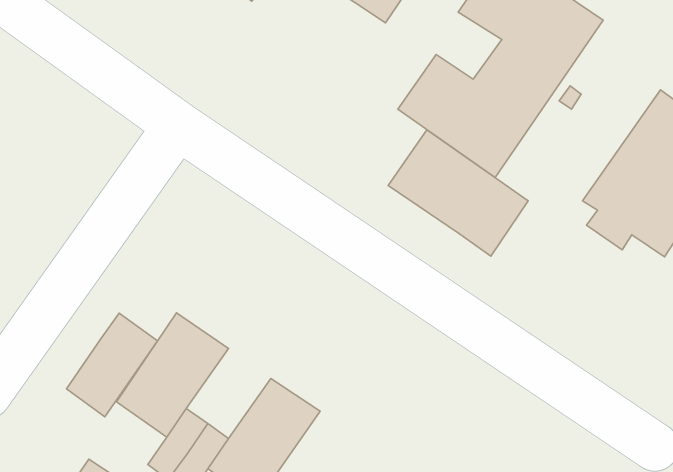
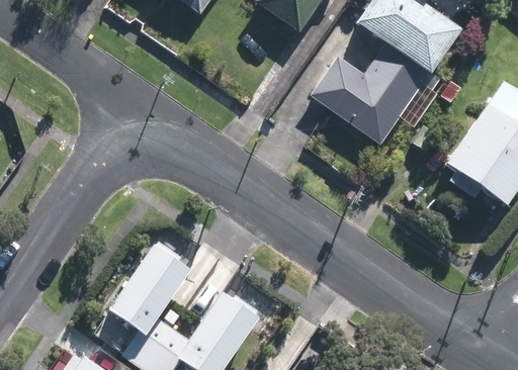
building: [388,130,528,256] -> none
building: [67,313,158,417] -> none

